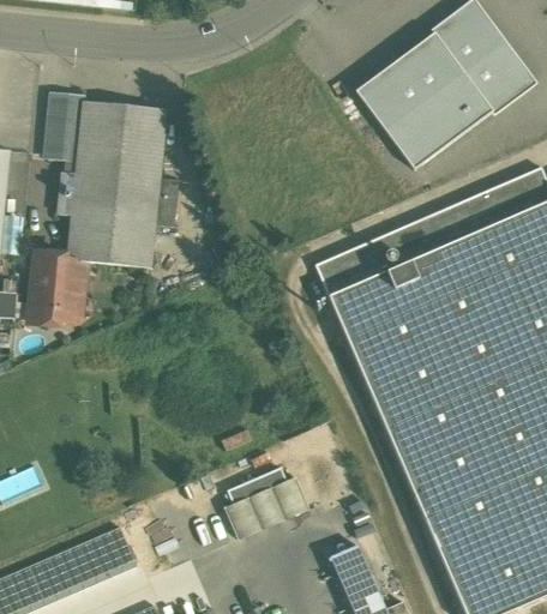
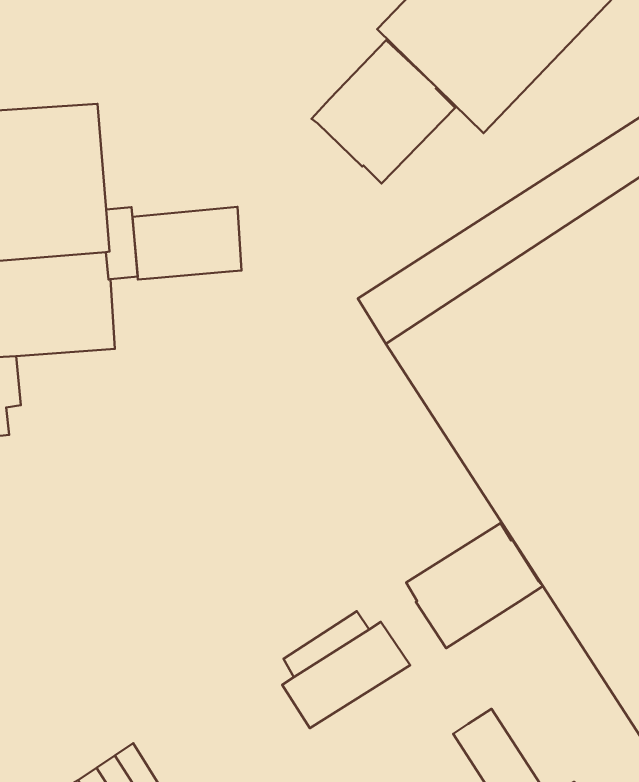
building: none -> [312,40,455,183]
building: none -> [132,207,242,279]
building: none -> [406,523,543,648]

